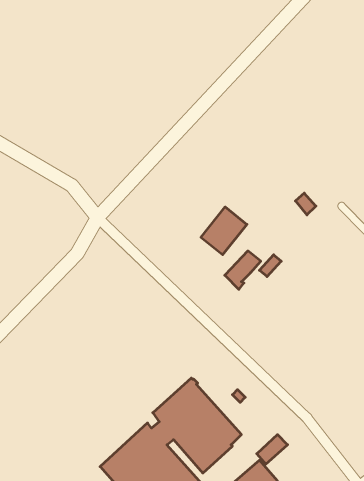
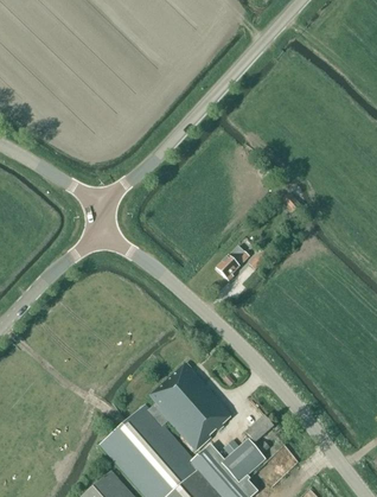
building: [201,207,247,255] -> none

